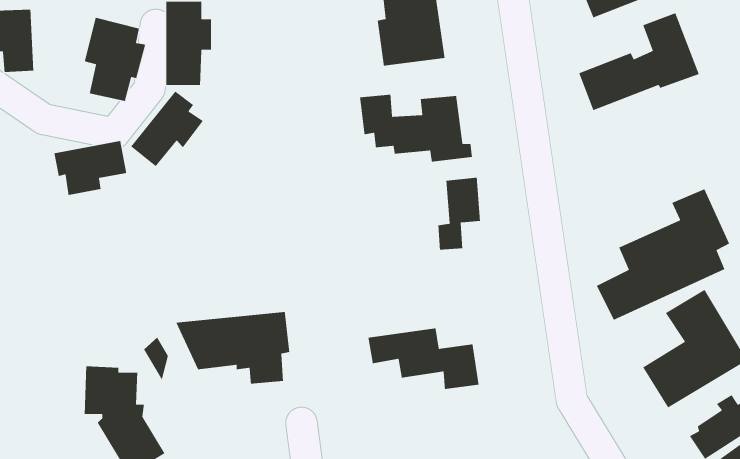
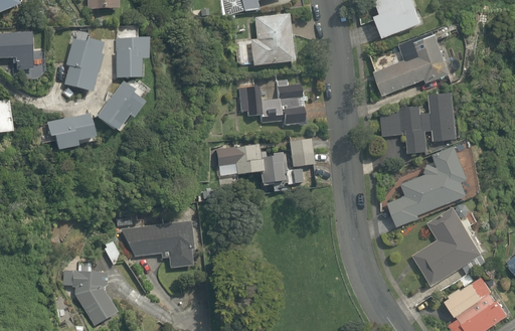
building: none -> [385,92,459,152]
building: [367,328,479,390] -> [212,145,283,184]

